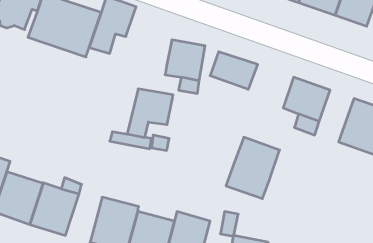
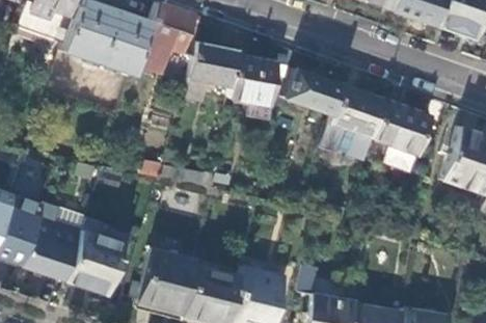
building: [127,89,173,137] -> [183,42,239,101]
building: [226,137,280,199] -> [321,85,386,160]

